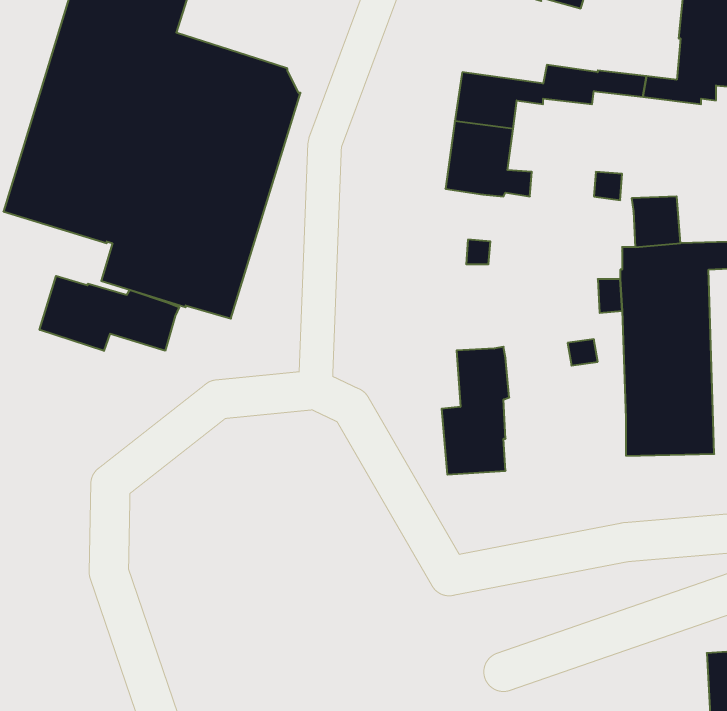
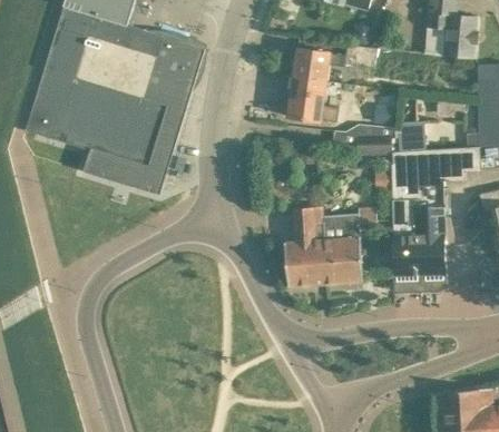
building: none -> [329,125,391,155]
building: [40,276,179,351] -> none
building: none -> [321,215,362,284]

